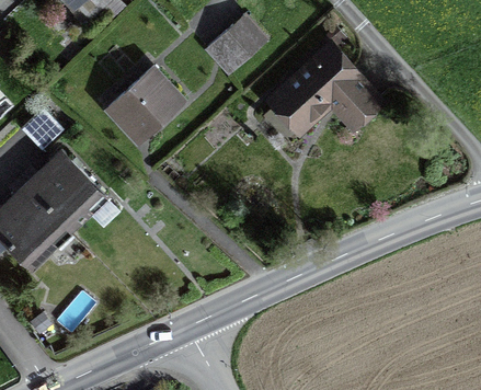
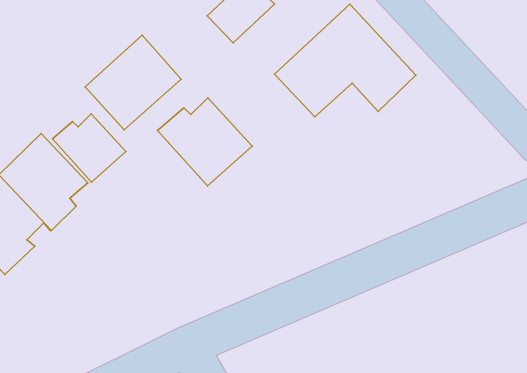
building: none -> [158,98,252,186]
building: none -> [52,114,126,182]

